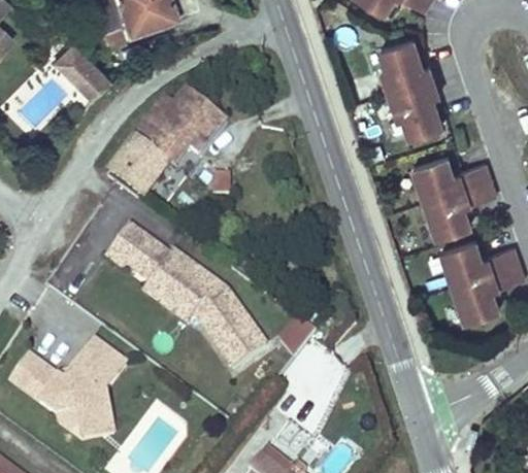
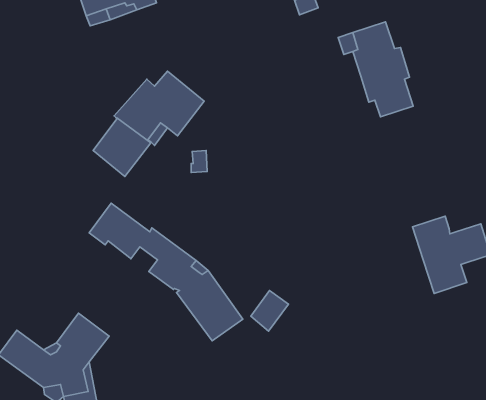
building: [47,40,106,101] -> none
building: [415,156,497,236] -> none
building: [143,271,195,325] -> none

